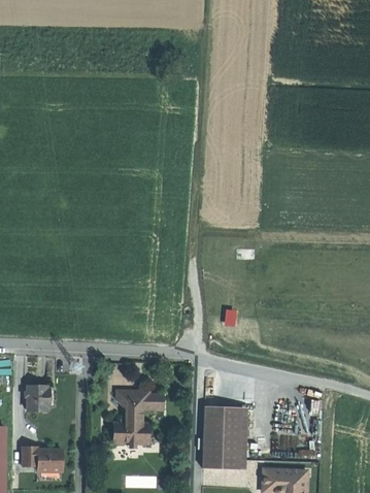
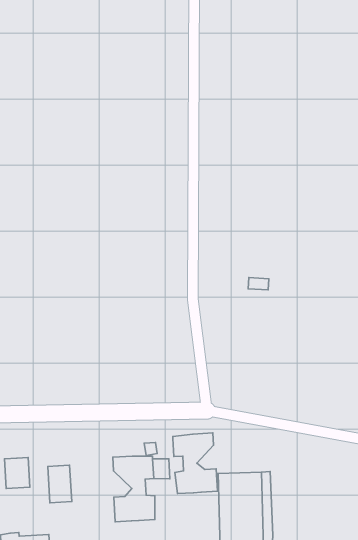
building: none -> [173,433,217,494]
building: none -> [48,465,72,503]

